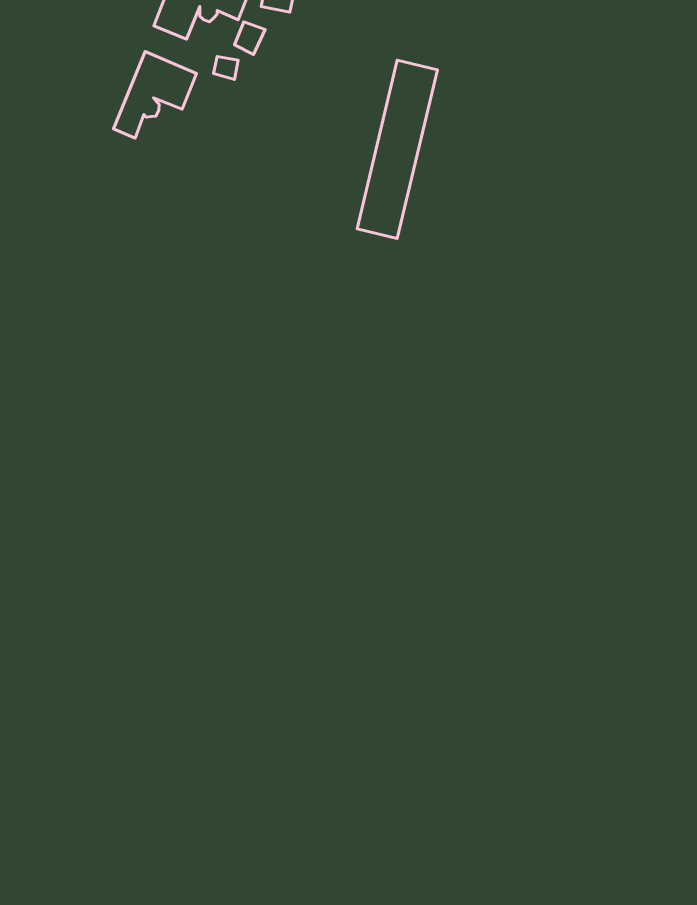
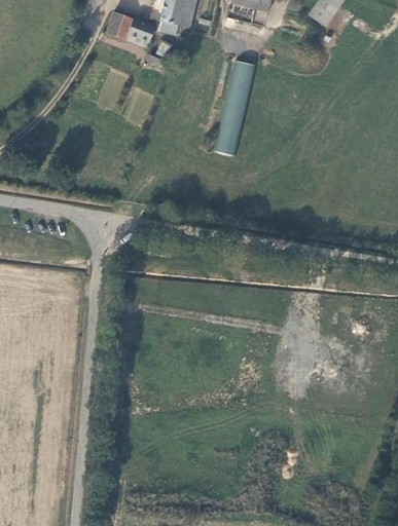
building: [114,51,196,138] -> none

